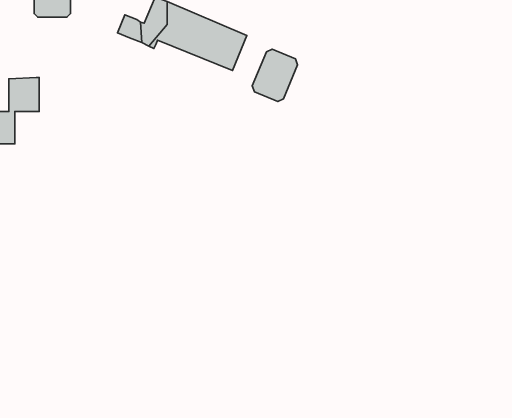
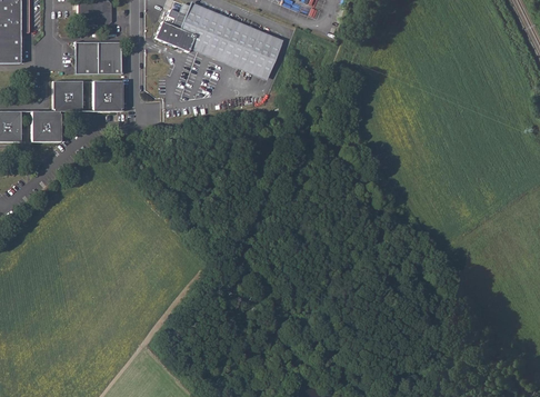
building: none -> [74,40,120,72]
building: [252,49,298,101] -> none
building: none -> [93,78,121,109]

